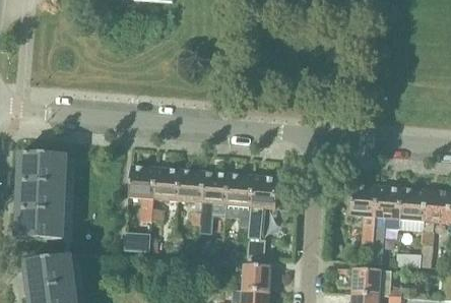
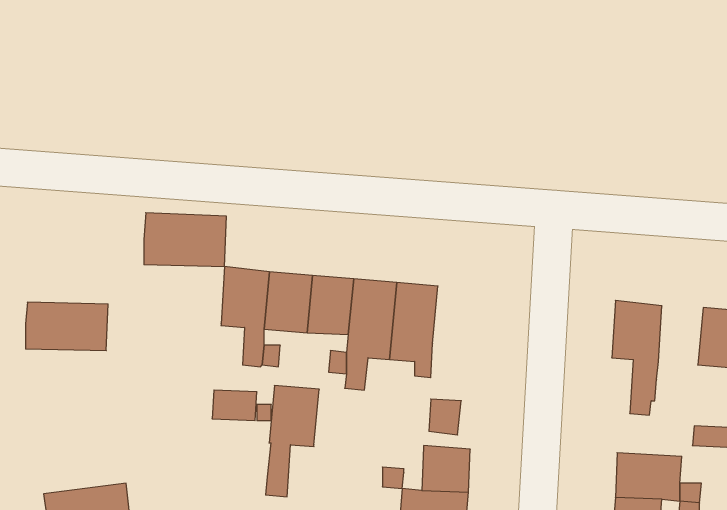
building: [19,155,66,185] -> [144,213,226,266]
building: [247,175,277,238] -> [266,386,319,497]
building: [372,186,402,255] -> none
building: [17,210,64,241] -> none
building: [25,258,75,293] -> none

